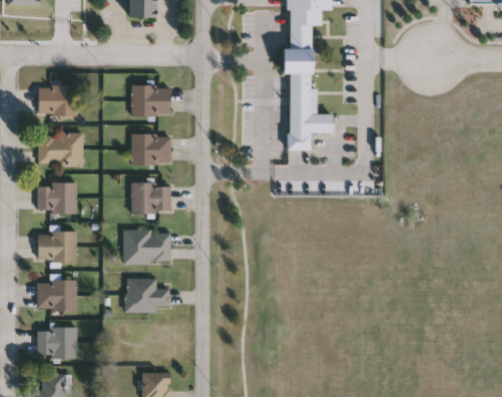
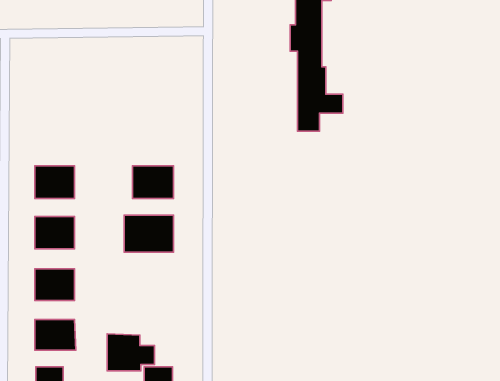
building: [38,85,78,116] -> none
building: [131,86,169,115] -> none
building: [38,134,83,165] -> none
building: [131,134,170,164] -> none
building: [125,278,170,313] -> [107,334,154,371]

